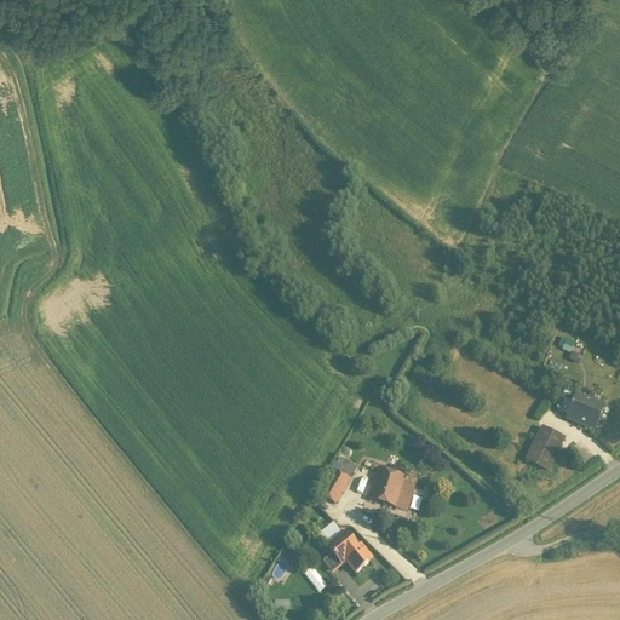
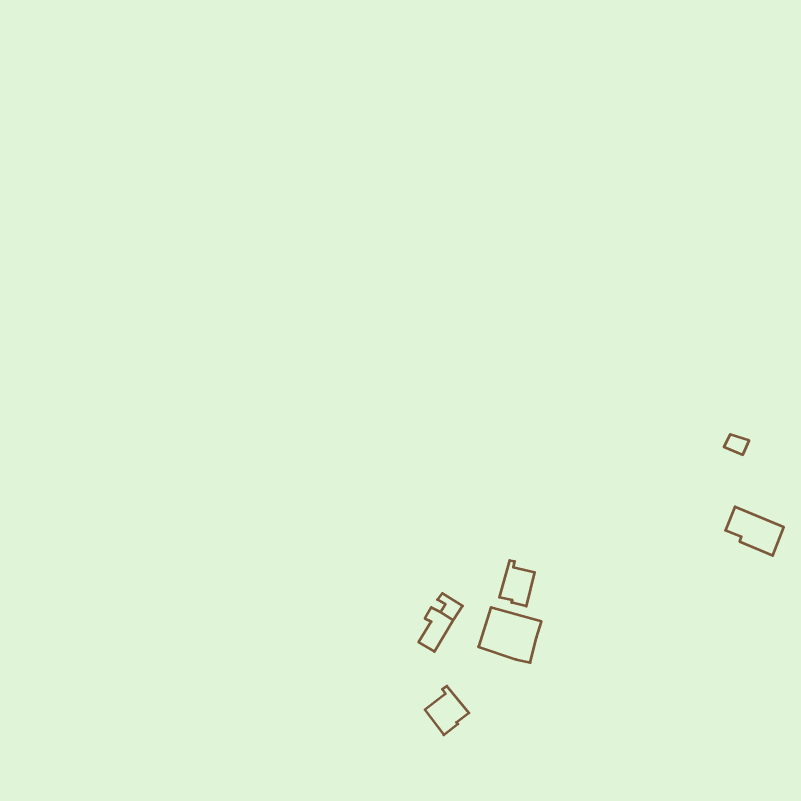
building: [529,426,567,470] -> none
building: none -> [499,560,535,606]

